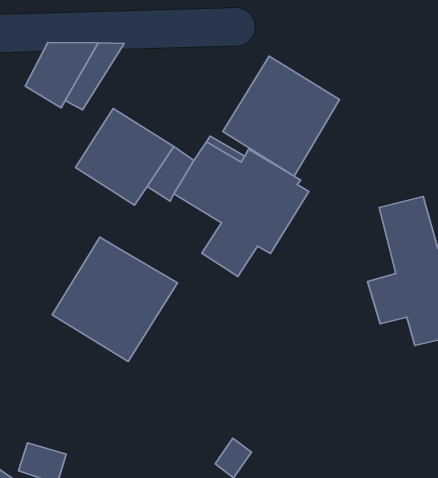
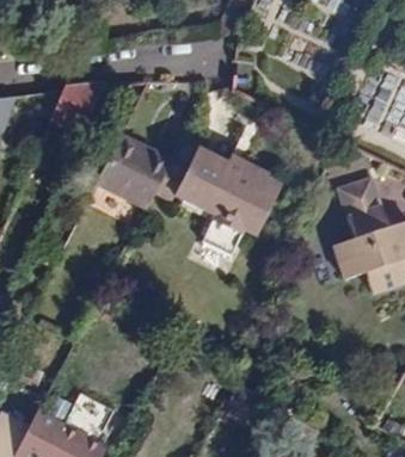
building: [223,56,340,176] -> none
building: [52,237,178,362] -> none

